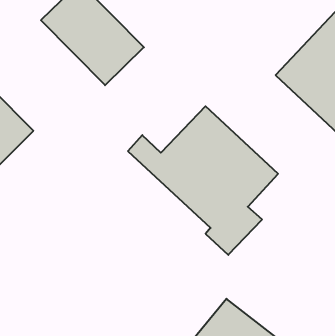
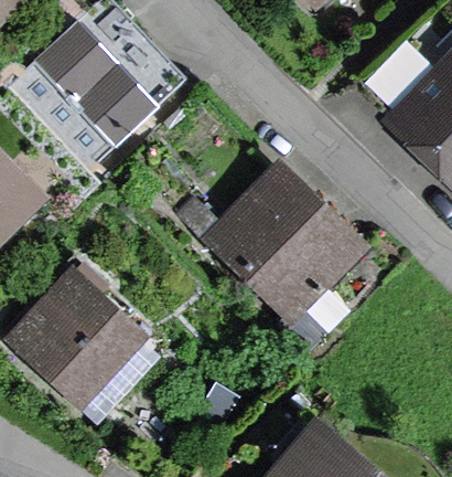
building: none -> [13,265,160,411]

